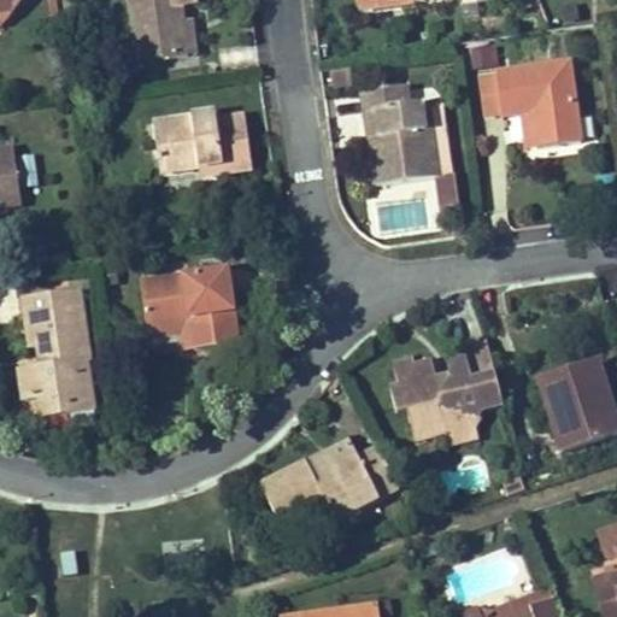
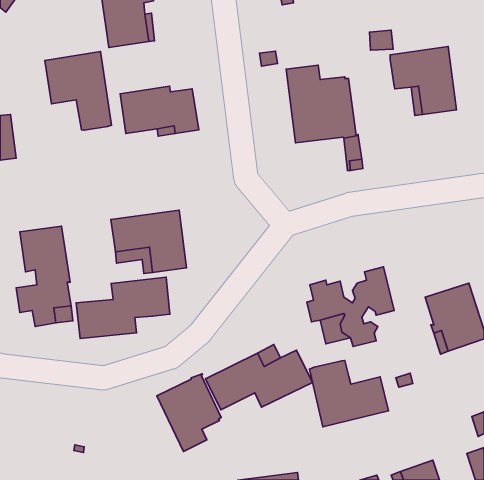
building: none -> [45,51,111,130]
building: none -> [76,277,170,339]
building: none -> [309,361,388,427]
building: none -> [157,374,221,451]

